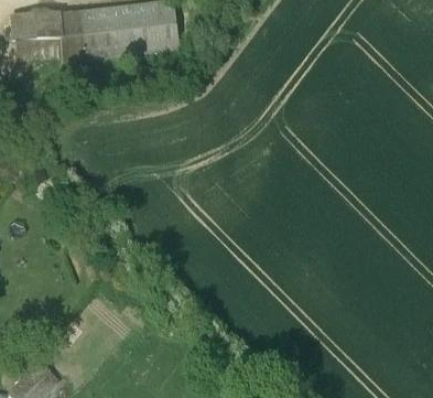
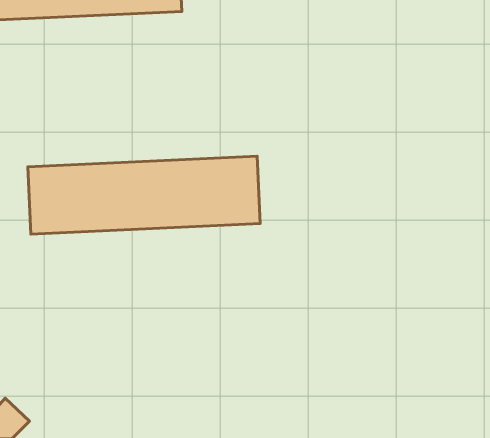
building: none -> [28,156,260,234]

